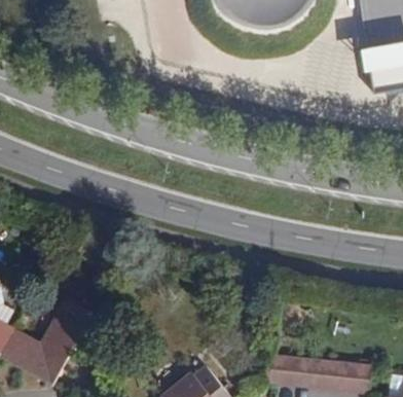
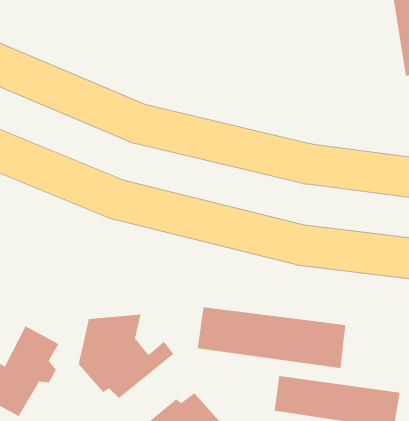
building: none -> [197,306,346,369]
building: none -> [78,314,174,399]

